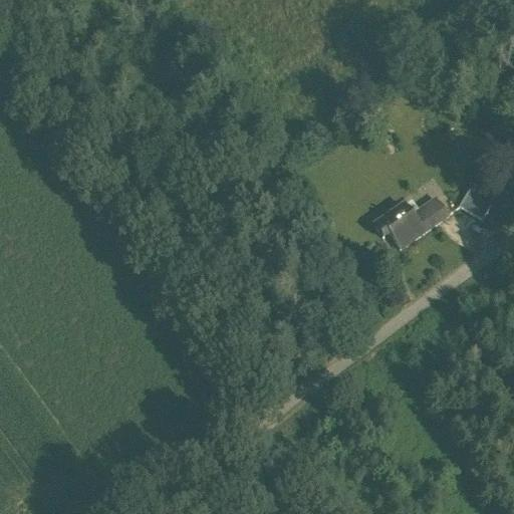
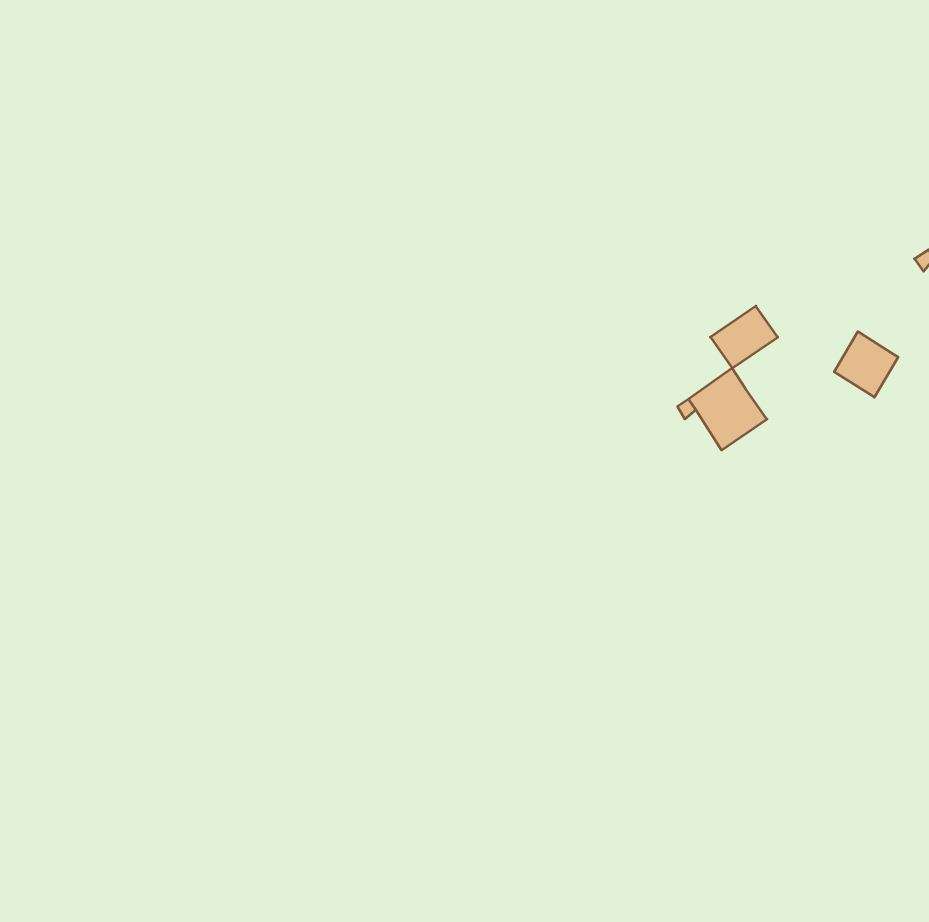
building: [412,197,449,231] -> [710,306,778,368]

